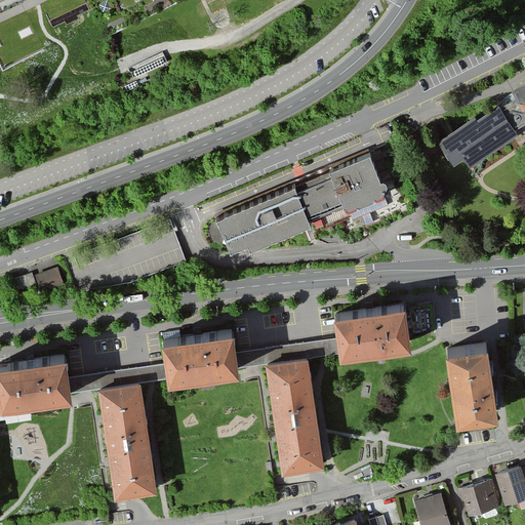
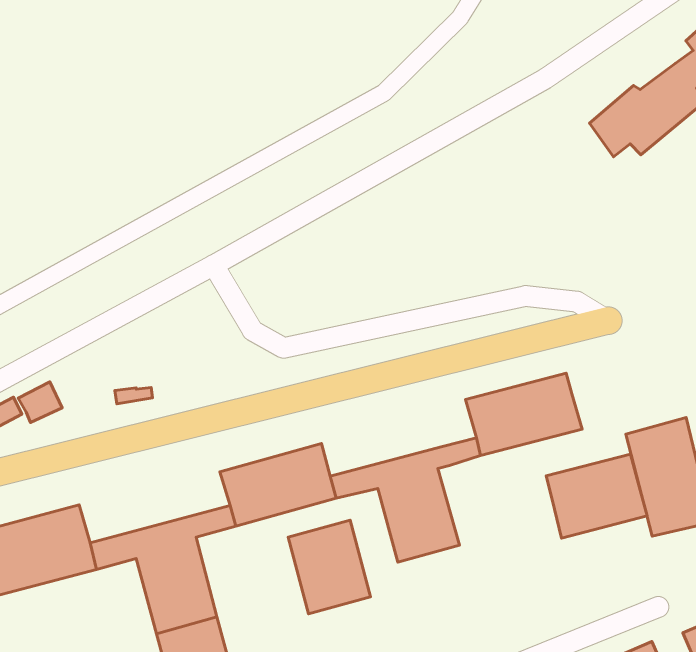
building: [215,155,404,253] -> none
building: none -> [546,454,647,538]
building: [275,415,325,475] -> [288,520,370,614]

